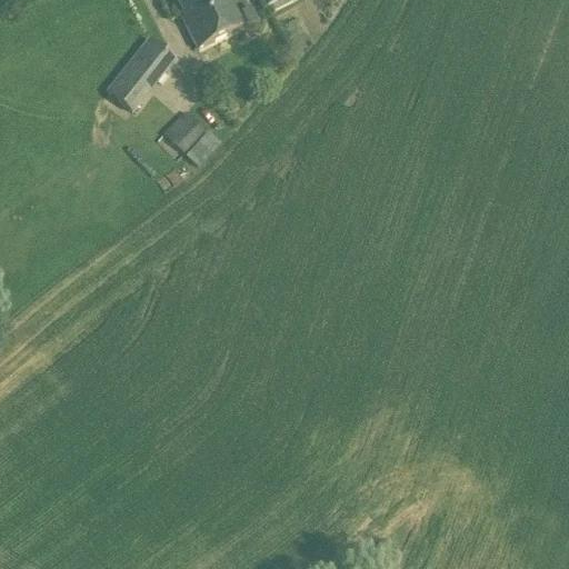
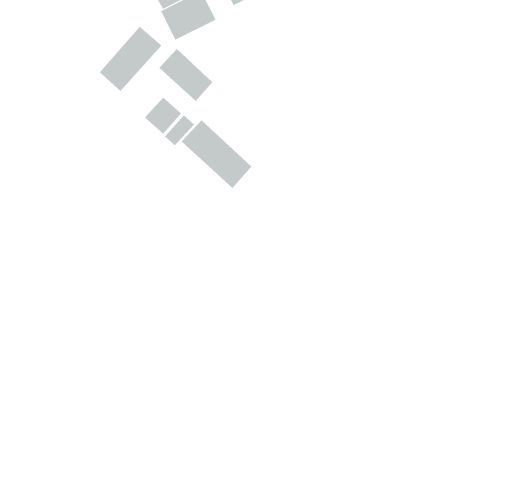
building: none -> [158,48,213,102]
building: none -> [181,120,252,189]

